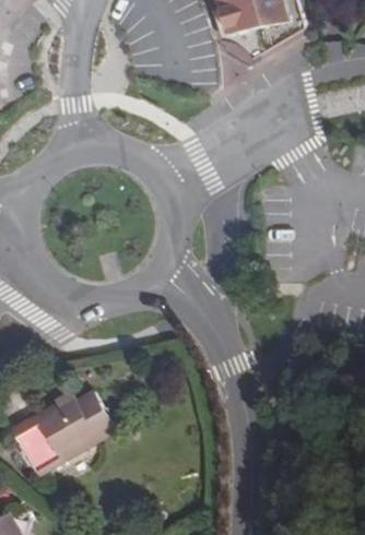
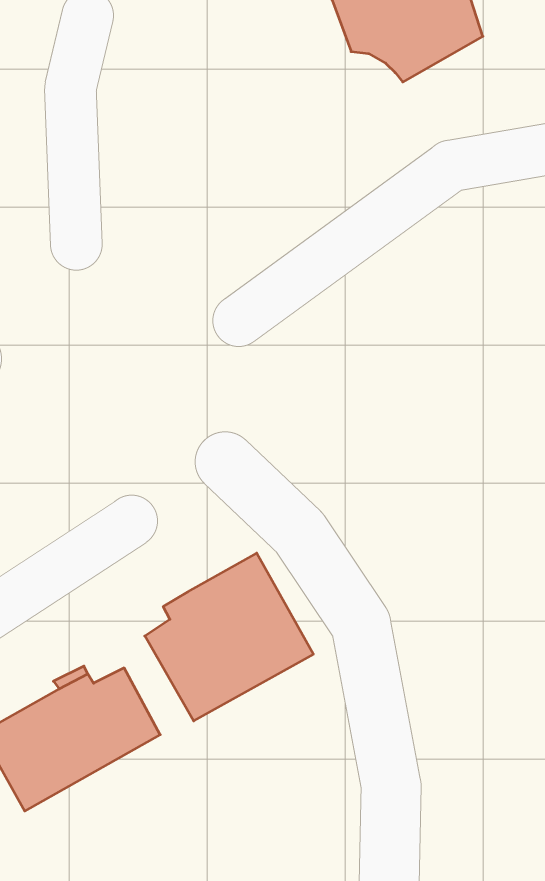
building: none -> [145,553,313,721]

